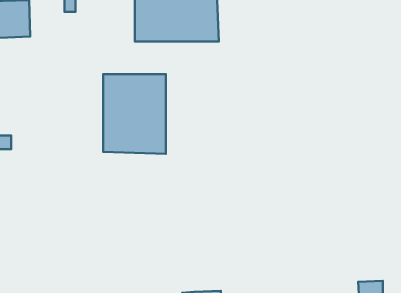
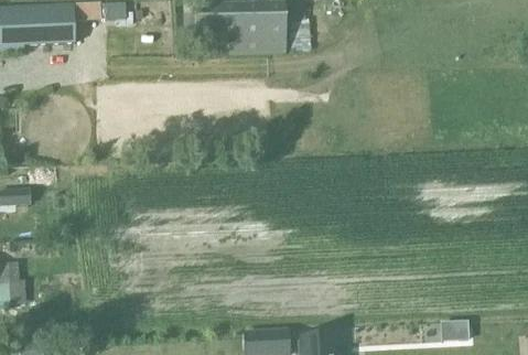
building: [103,74,166,154] -> none

